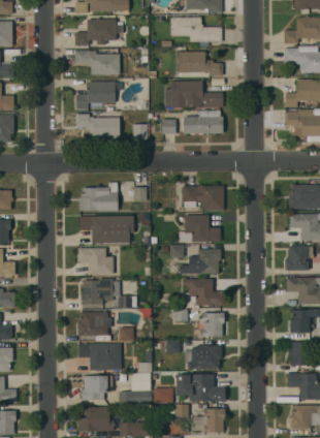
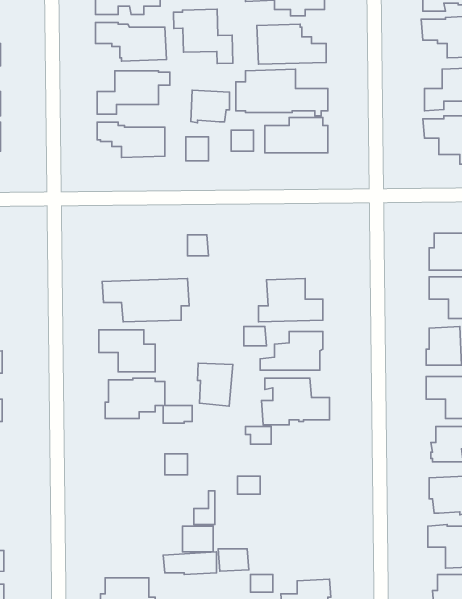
building: none -> [174,9,233,63]
building: none -> [191,90,230,123]
building: [78,183,118,211] -> none
building: [182,186,223,210] -> none
building: none -> [197,363,233,406]
building: [77,312,109,336] -> none
building: [202,313,224,338] -> none
building: [77,344,121,371] -> none
building: [191,346,221,370] -> none
building: [175,374,225,401] -> none
building: [82,376,111,401] -> none

